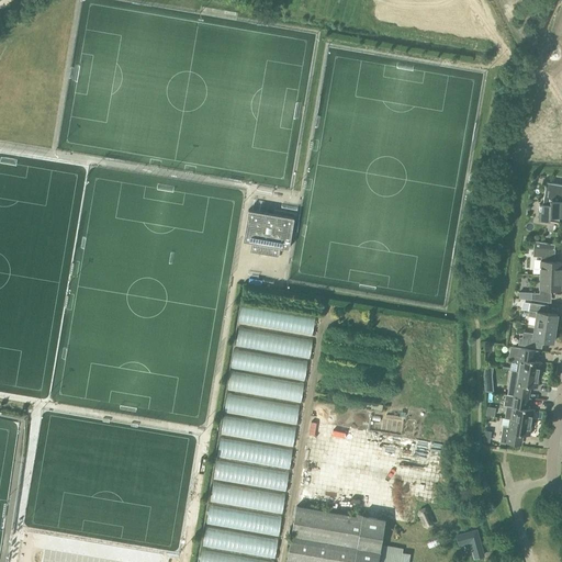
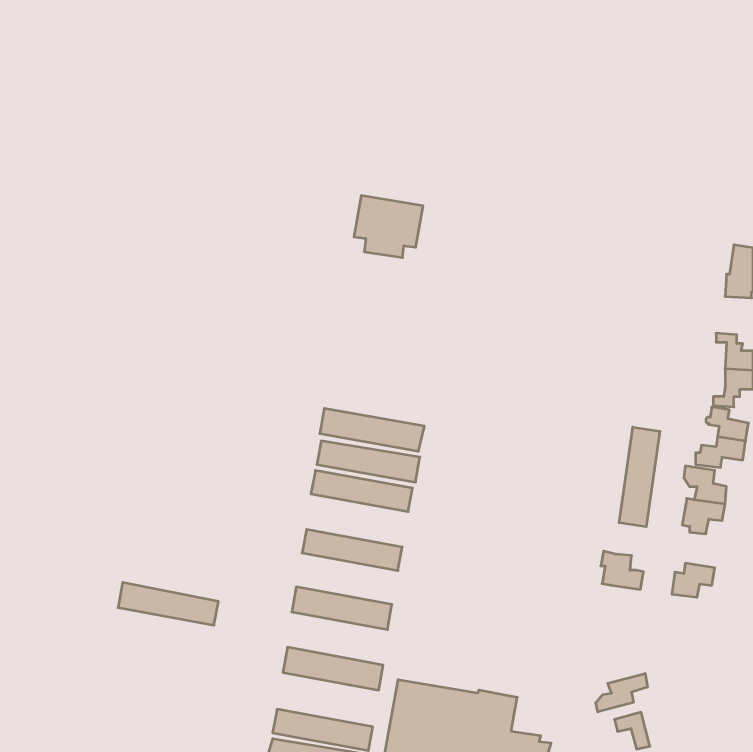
building: [244,211,295,257] -> [354,196,423,258]
building: none -> [619,427,660,527]
building: [227,373,304,404] -> none
building: [503,395,535,424] -> [601,551,643,589]
building: [221,416,296,448] -> none
building: [214,461,289,493] -> [118,582,218,625]
building: none -> [596,673,647,712]
building: [206,506,282,538] -> none

